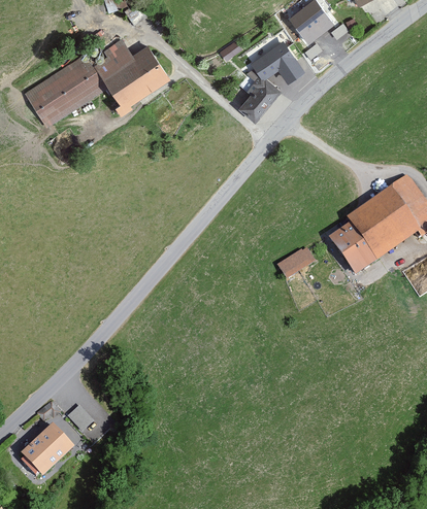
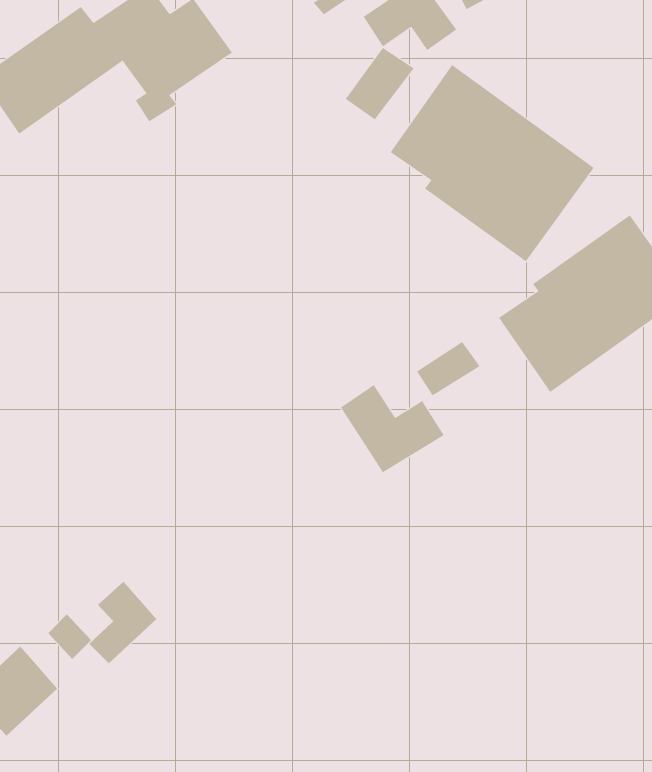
building: none -> [390,64,594,262]
building: none -> [340,384,444,473]
building: none -> [88,581,157,664]

